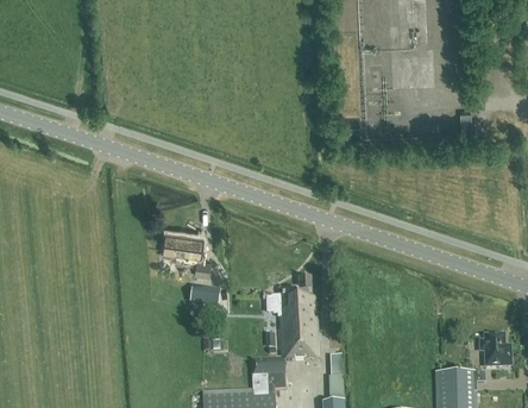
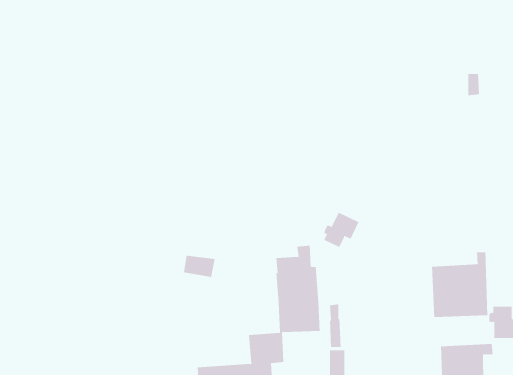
building: [161,233,208,276] -> none
building: none -> [324,212,359,248]
building: none -> [432,251,488,318]

